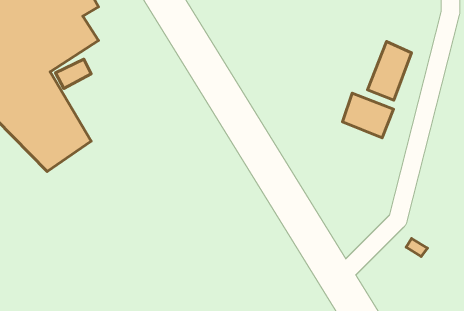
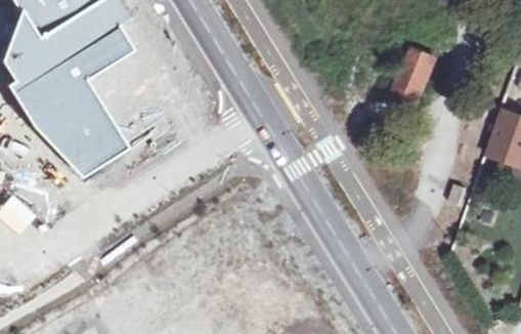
building: [343,93,393,138] -> none

